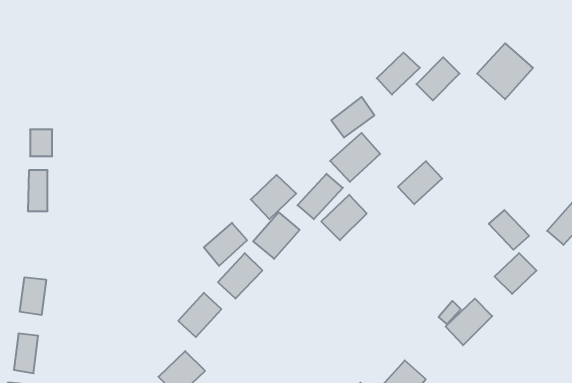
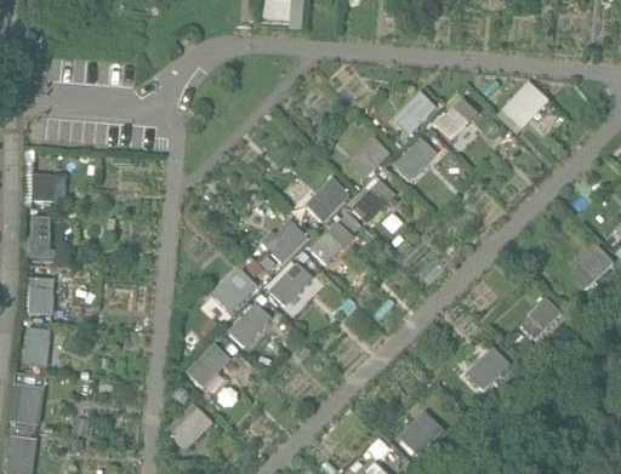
building: [398,161,442,204] -> [392,137,438,182]
building: [321,195,367,240] -> [303,176,351,223]
building: [489,210,529,250] -> none
building: none -> [28,274,53,312]

